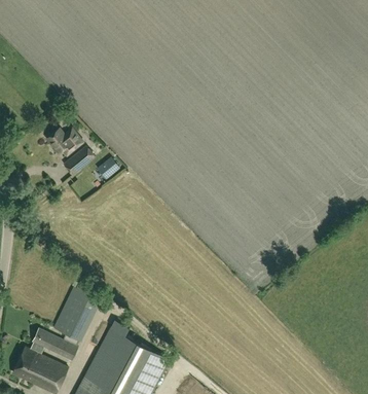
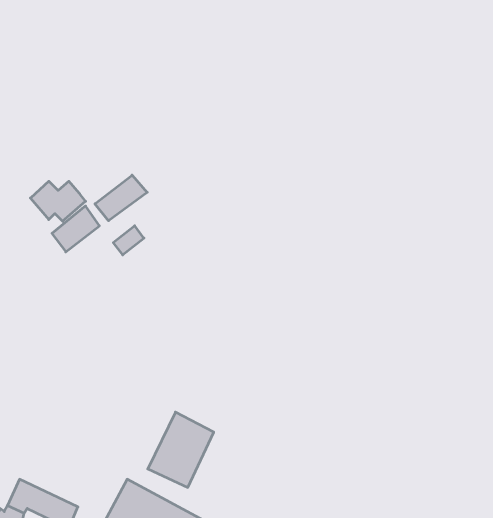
building: none -> [95,175,147,221]
building: [54,290,99,341] -> [148,412,214,487]

